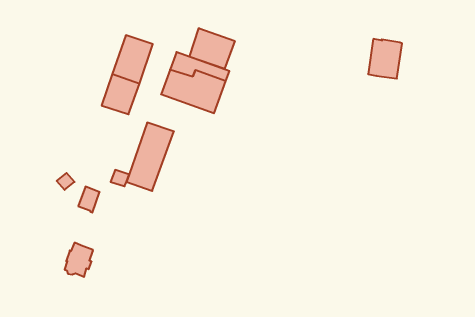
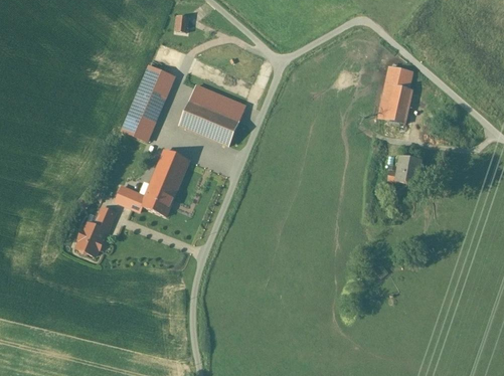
building: none -> [384,65,413,88]
building: [189,28,235,69] -> none
building: none -> [395,157,421,183]
building: [65,243,93,277] -> [76,222,105,255]

